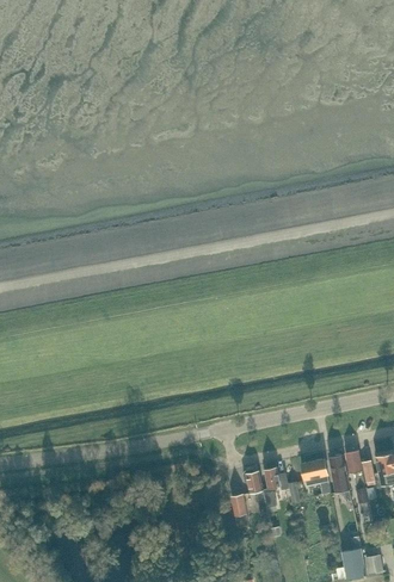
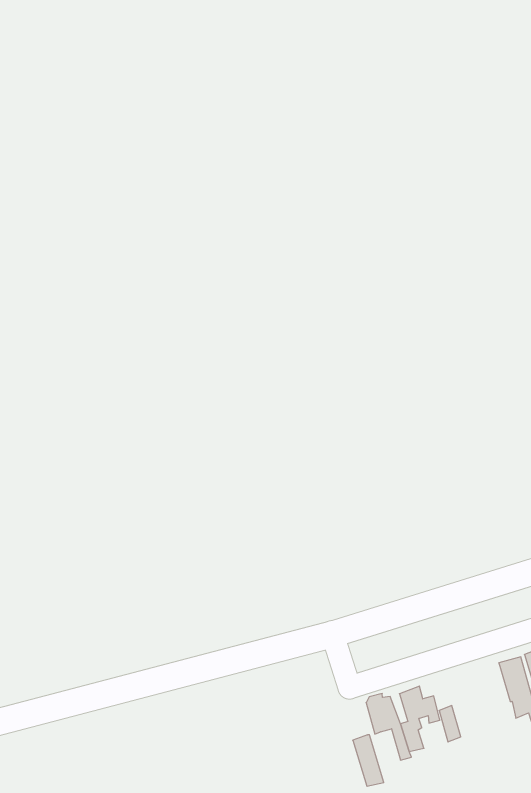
building: [301,458,331,495] -> none

